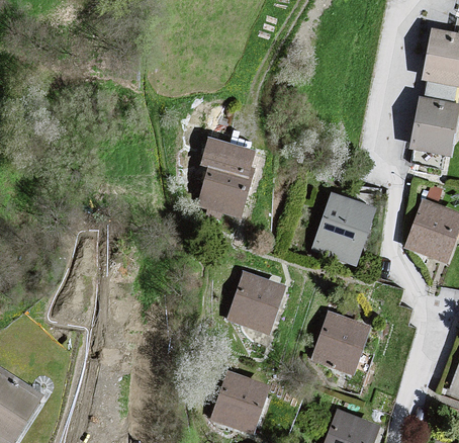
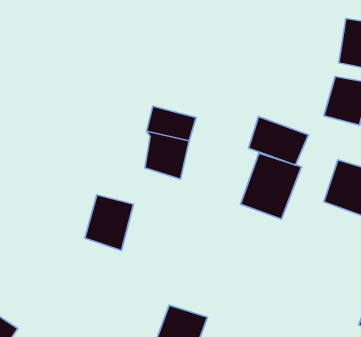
building: none -> [248,117,309,165]
building: [227,274,284,339] -> [85,195,134,250]
building: [311,314,371,374] -> none

